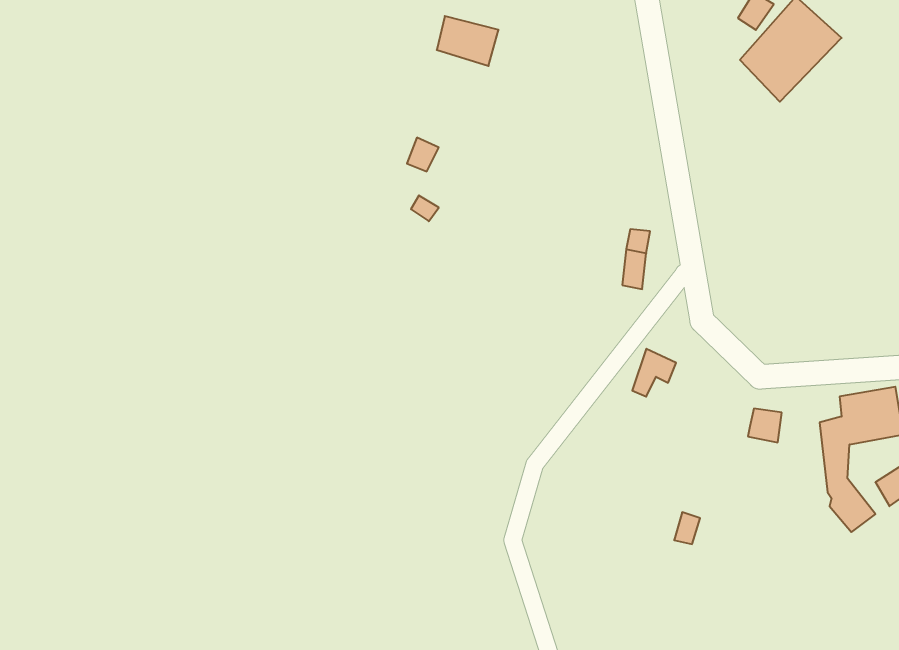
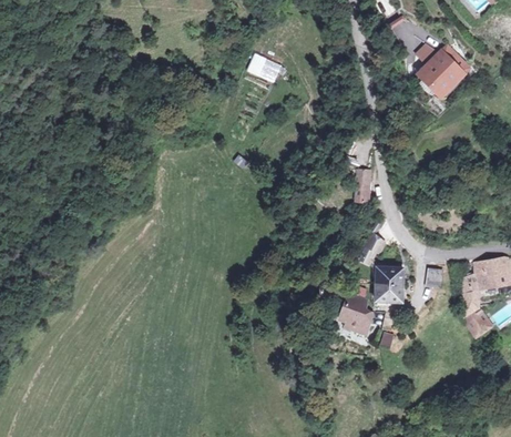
building: none -> [371,268,402,302]
building: none -> [339,293,372,335]

